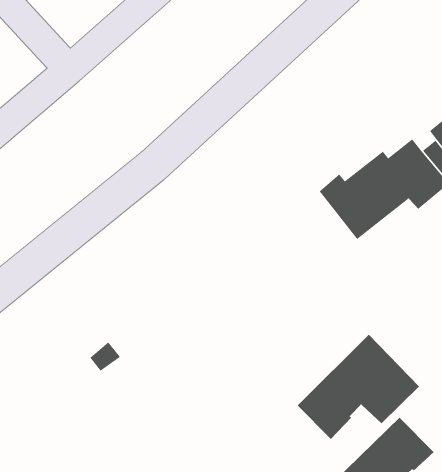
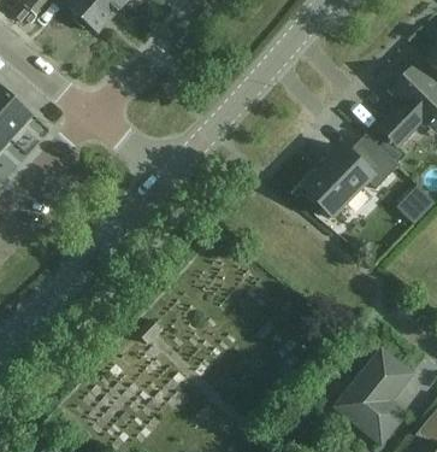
building: [297,334,420,440] -> none

